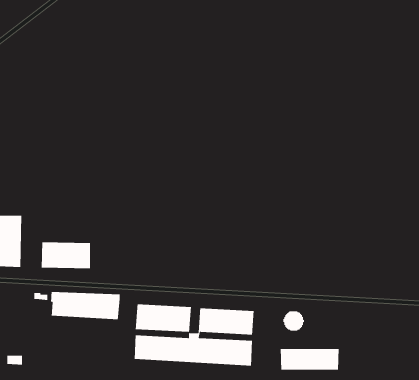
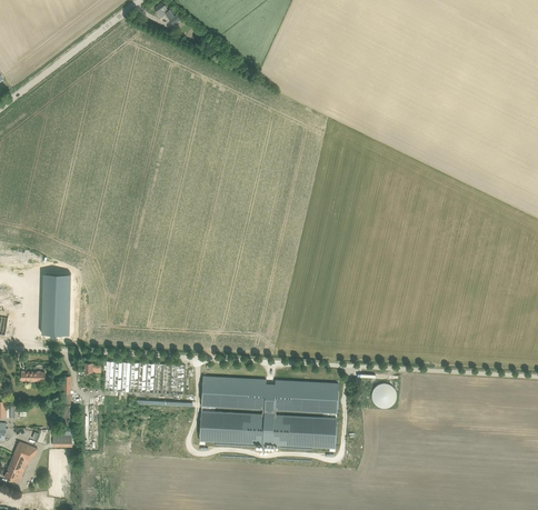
building: [41,241,91,269] -> none
building: [280,348,339,371] -> none

